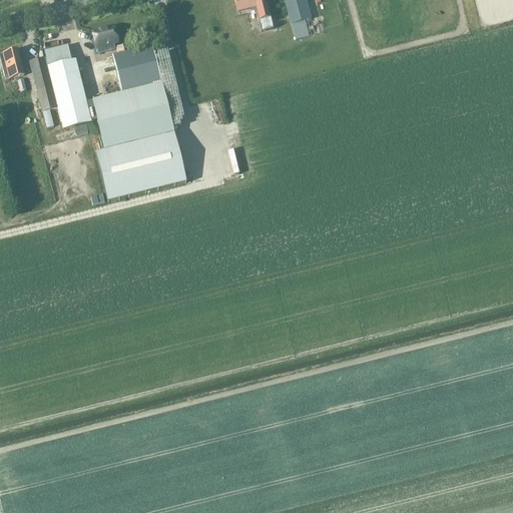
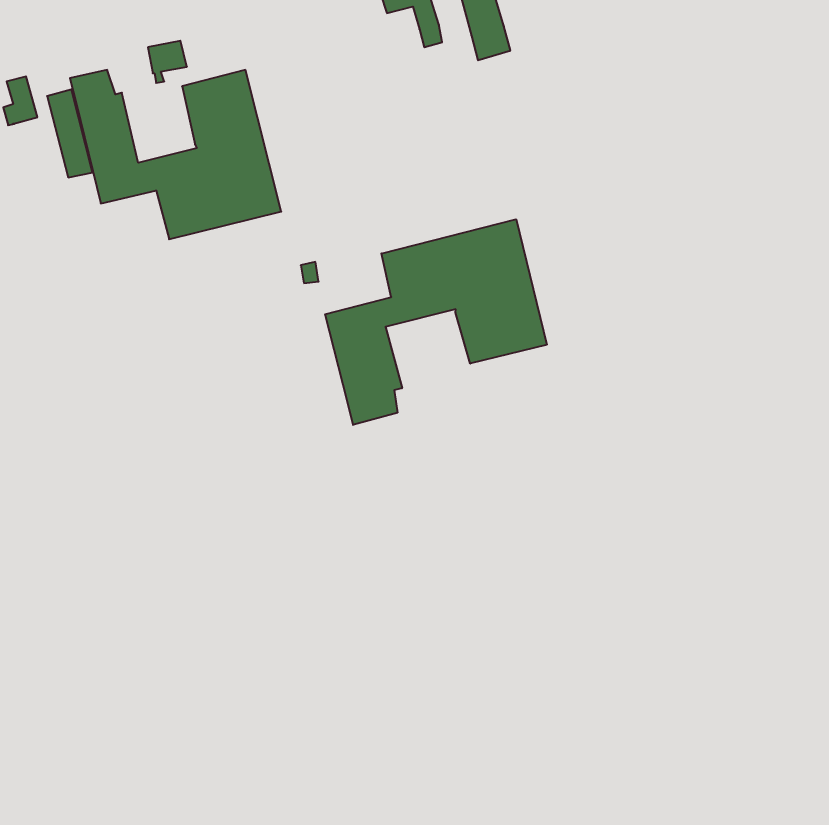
building: [95,130,186,199] -> none
building: none -> [325,219,547,425]

